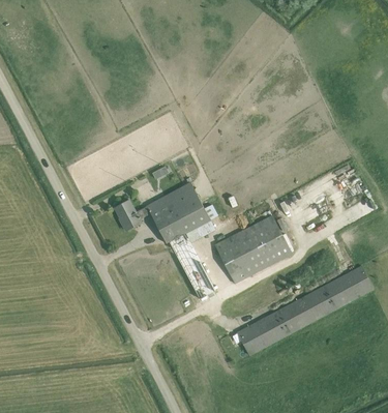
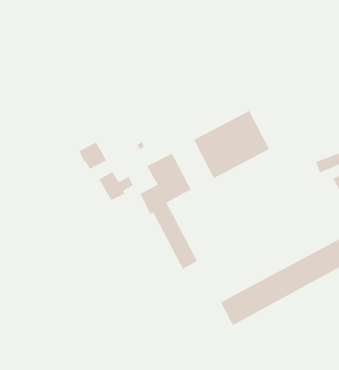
building: [144,195,173,223] -> [78,142,107,170]
building: [214,214,292,284] -> [193,110,270,179]

